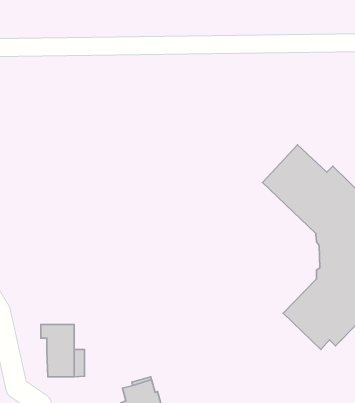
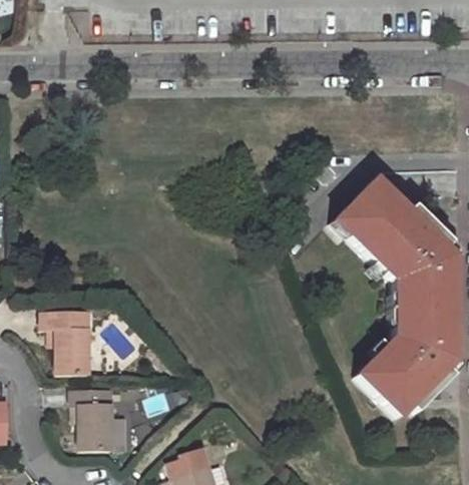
building: none -> [41,311,89,374]

